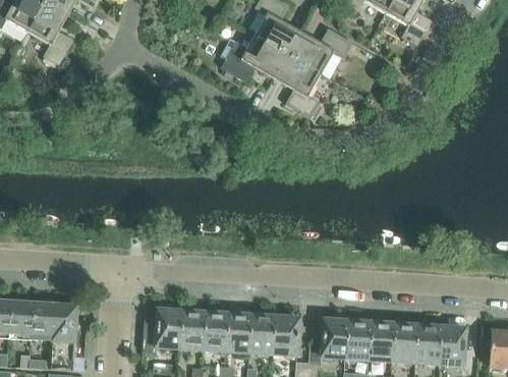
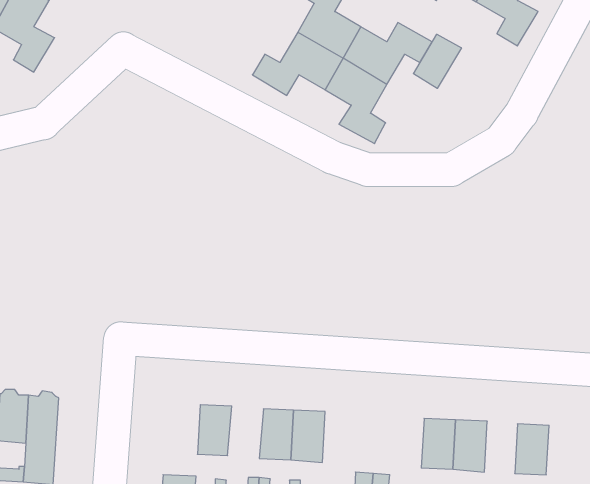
building: none -> [413,34,461,88]
building: [143,309,182,352] -> none
building: [203,312,229,351] -> none
building: [273,316,299,355] -> none
building: [322,319,348,358] -> none
building: [393,323,417,362] -> none
building: [439,326,465,365] -> none

